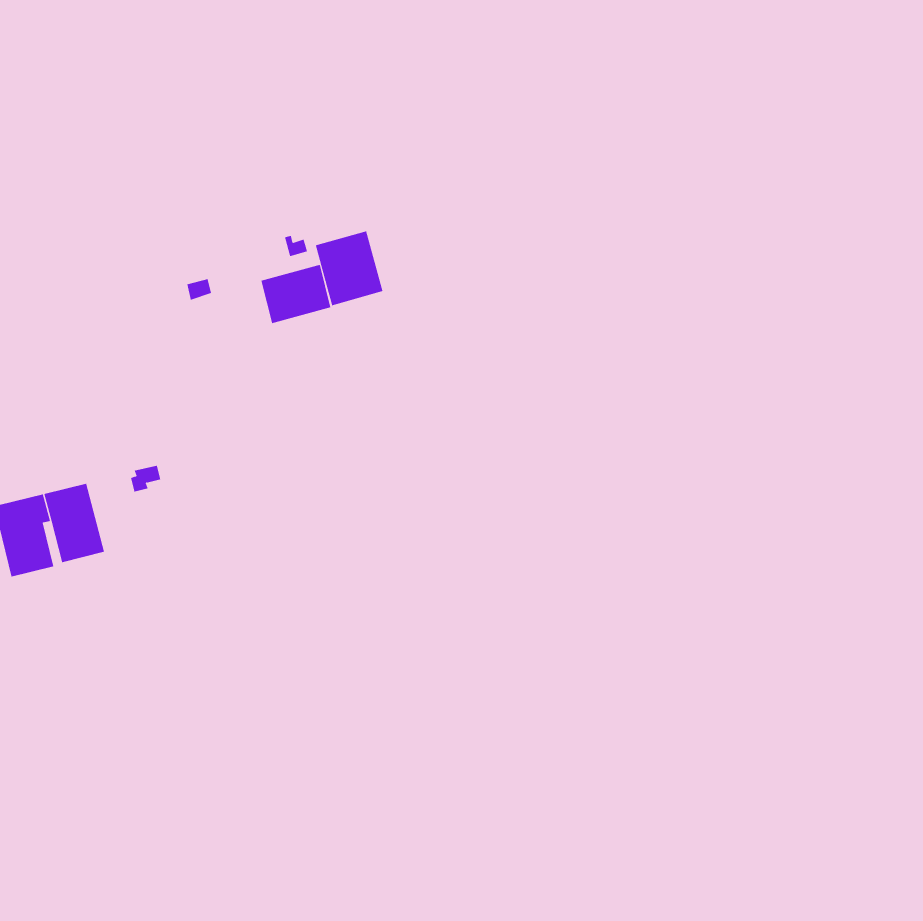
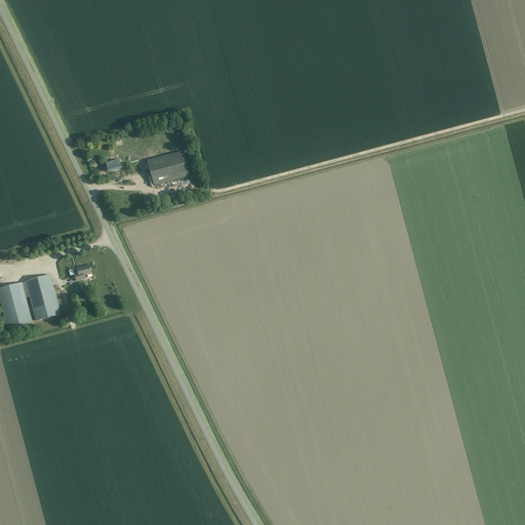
building: [315,230,383,306] -> none

